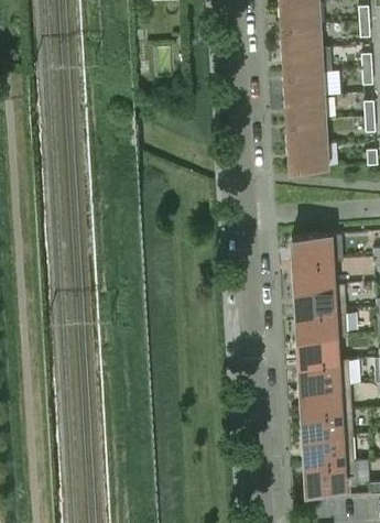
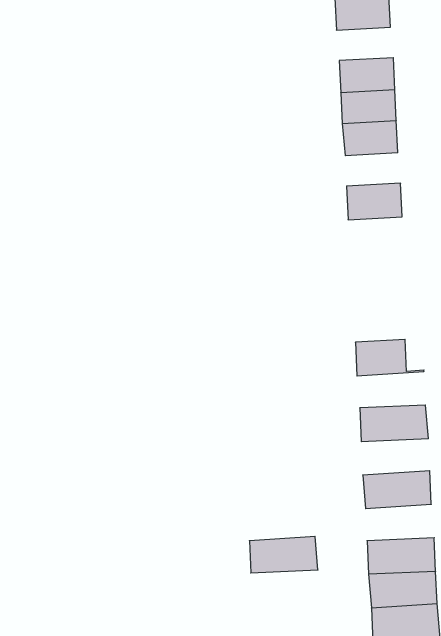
building: [279,25,322,51] -> none
building: [285,120,327,145] -> none
building: [292,235,330,263] -> none
building: [294,285,346,313] -> none
building: [297,336,349,363] -> none
building: [301,385,352,413] -> [249,536,318,573]

